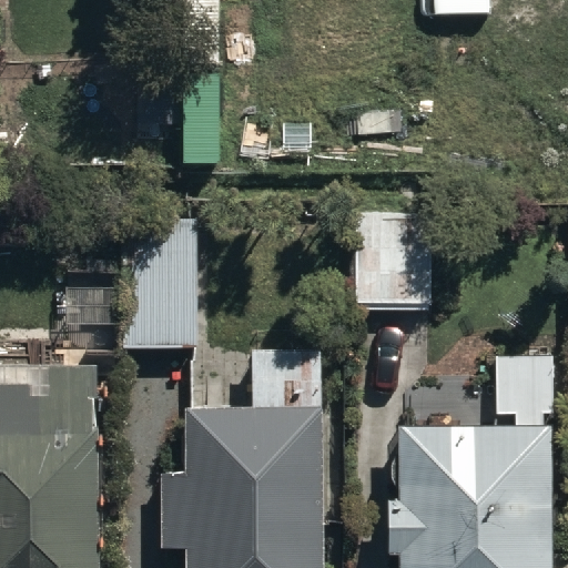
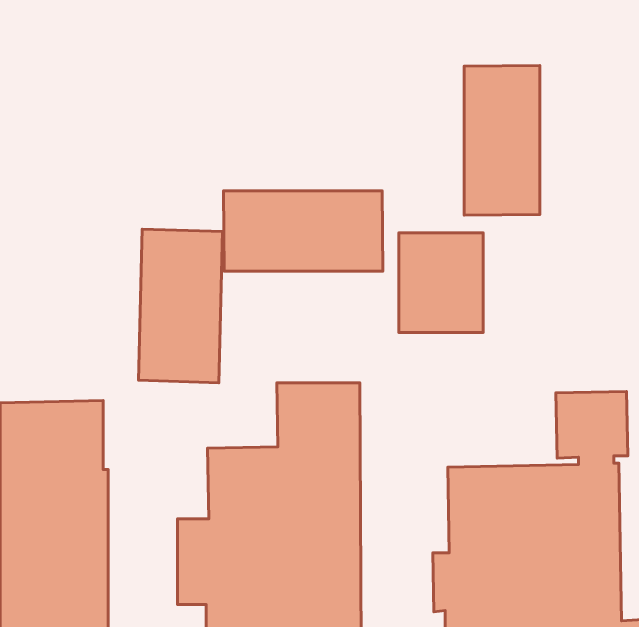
building: none -> [464,66,540,215]
building: none -> [224,191,383,271]

